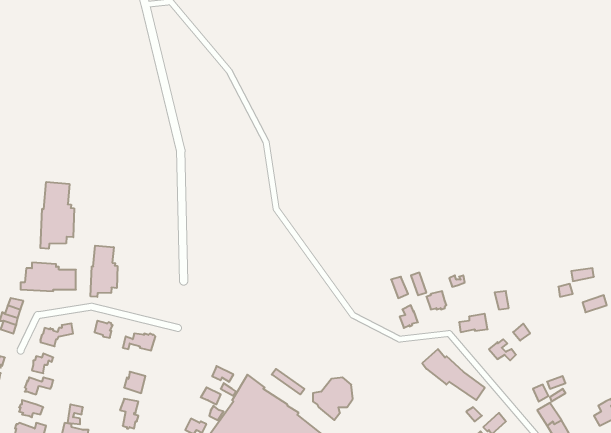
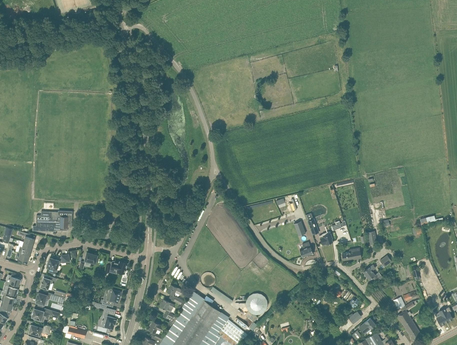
building: [40,182,74,249] -> none
building: [91,246,117,297] -> none

